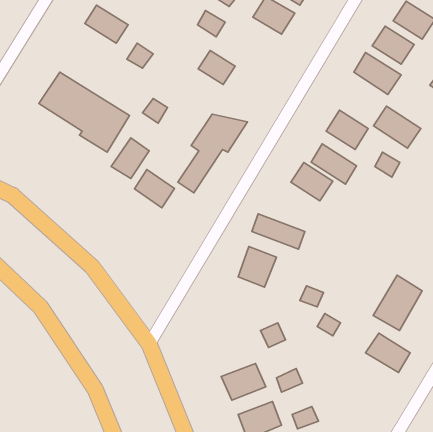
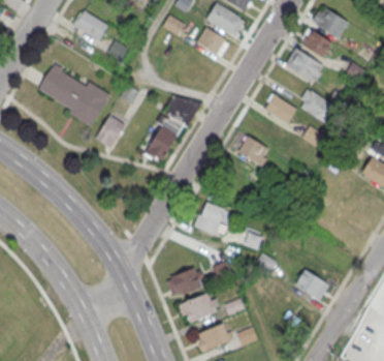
building: [198,50,235,85] -> [197,27,226,54]
building: [311,144,356,184] -> none
building: [134,170,175,208] -> none
building: [252,214,305,249] -> none
building: [373,275,422,331] -> none
building: none -> [167,267,201,297]

